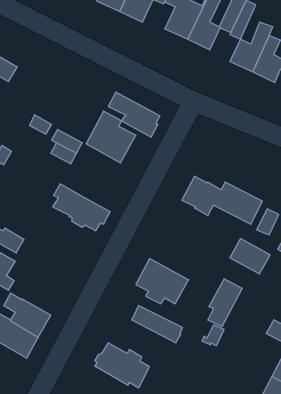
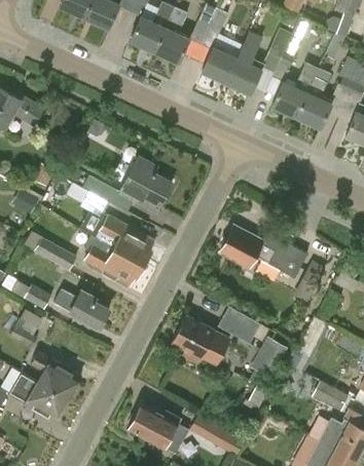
building: [108,92,160,137] -> [98,218,153,266]
building: none -> [33,237,77,272]
building: none -> [53,290,109,329]
building: [230,239,270,274] -> [217,307,260,345]
building: [132,306,183,343] -> [189,415,244,455]

